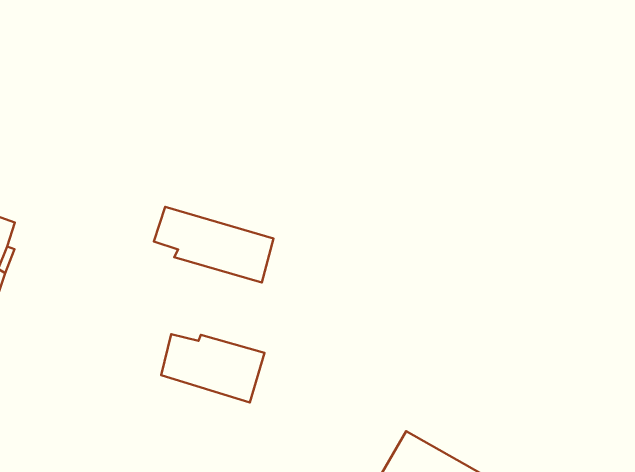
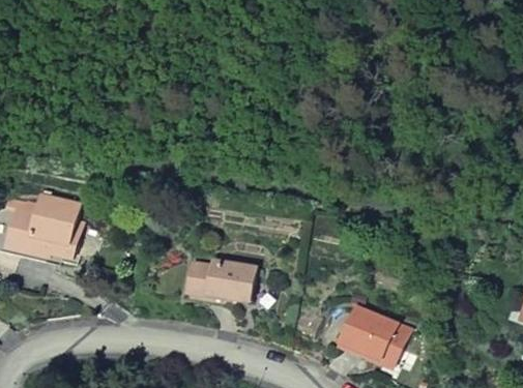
building: [154,207,274,282] -> none

